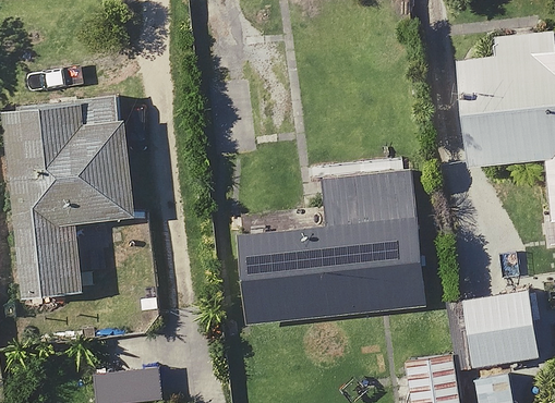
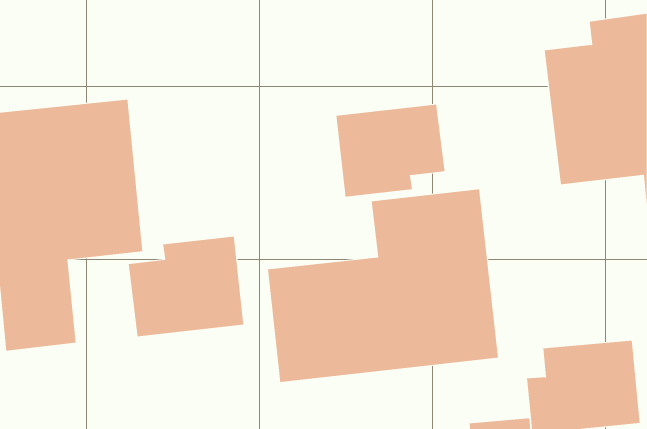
building: none -> [336,104,445,198]
building: none -> [128,236,244,337]

